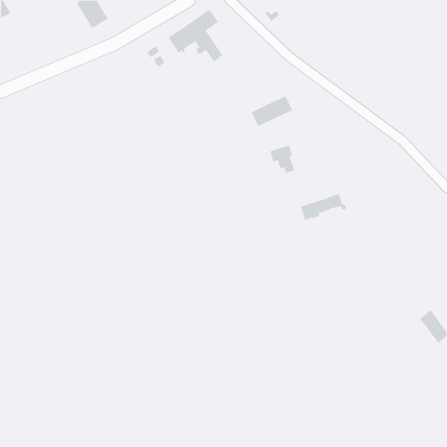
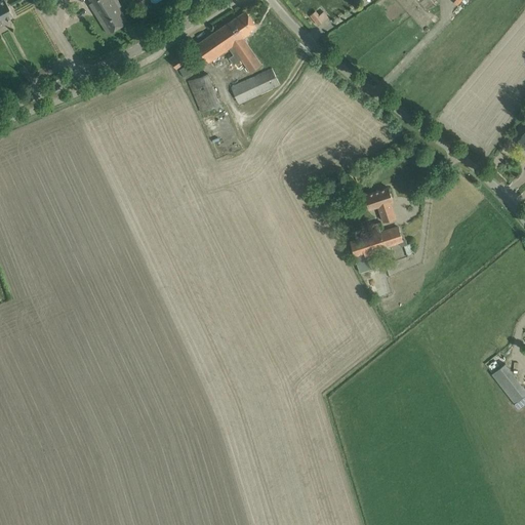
building: none -> [189,74,214,99]
building: [251,95,293,127] -> [231,68,280,105]
building: [269,145,295,174] -> [365,188,395,221]

